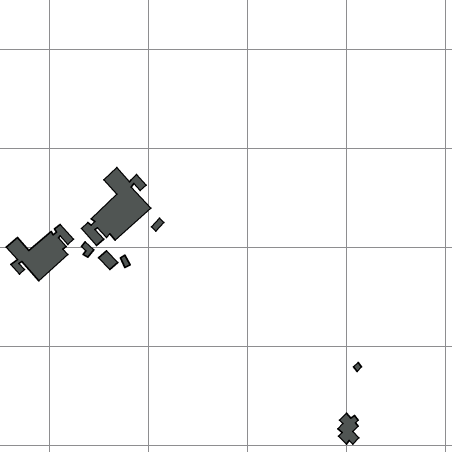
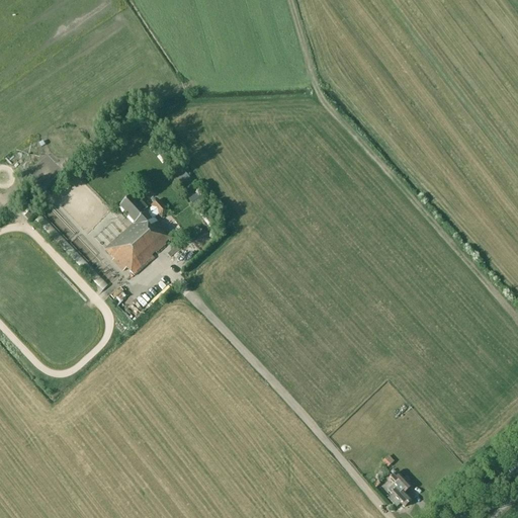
building: [6,224,74,281] -> none

